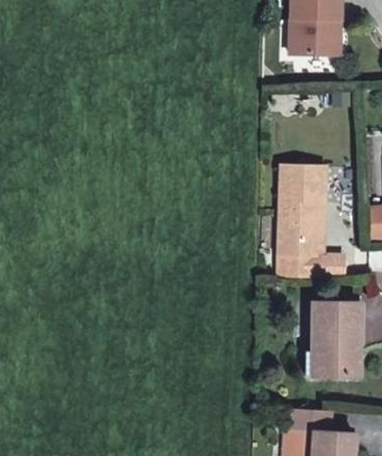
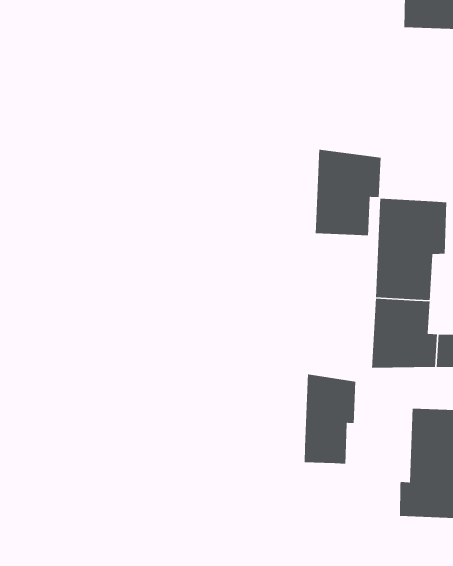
building: none -> [315,149,381,236]
building: none -> [304,373,356,464]

